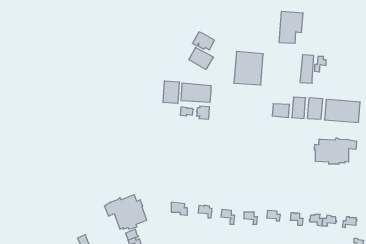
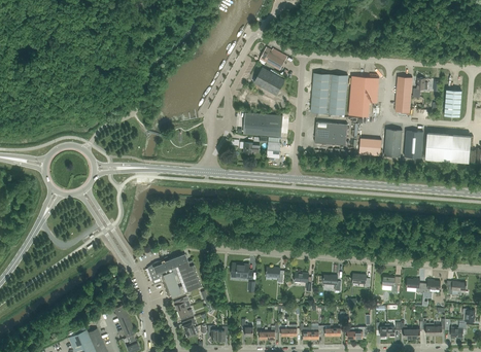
building: [279,11,303,43] -> [348,77,379,117]
building: none -> [444,91,461,117]
building: [163,81,179,104] -> none
building: none -> [314,122,347,146]
building: [315,138,356,164] -> none

